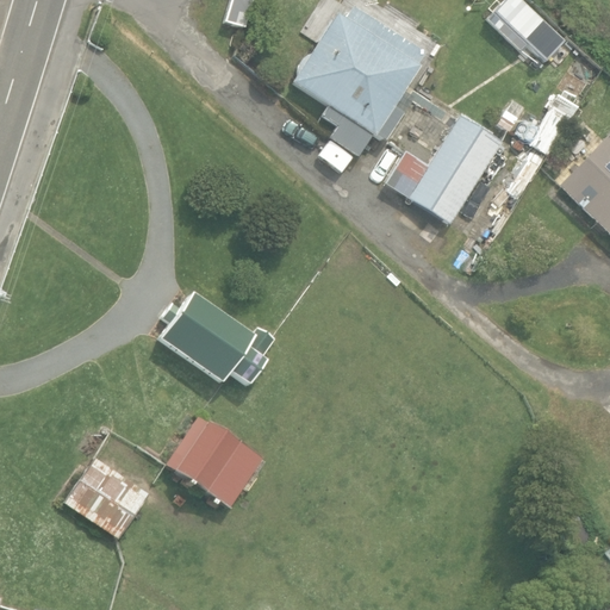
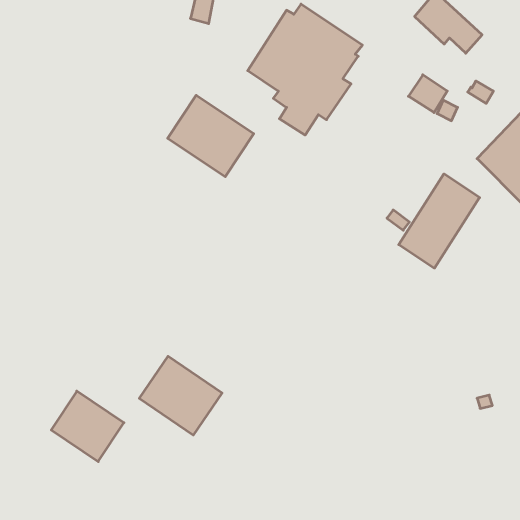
building: none -> [168,95,254,177]
building: [407,114,502,224] -> [399,174,480,268]
building: [160,292,274,384] -> none

